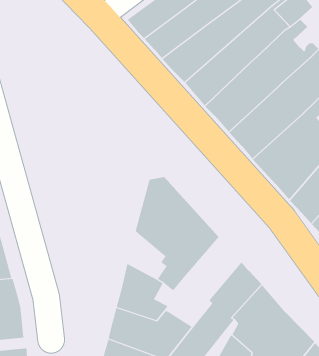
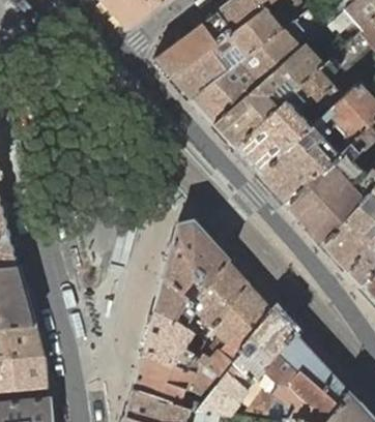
building: none -> [152,276,193,326]
building: none -> [193,282,271,375]

